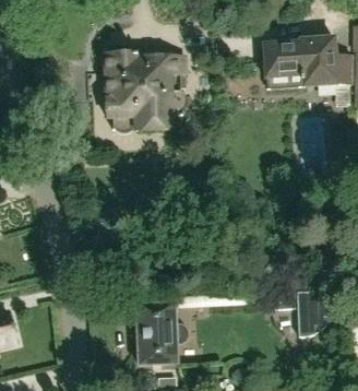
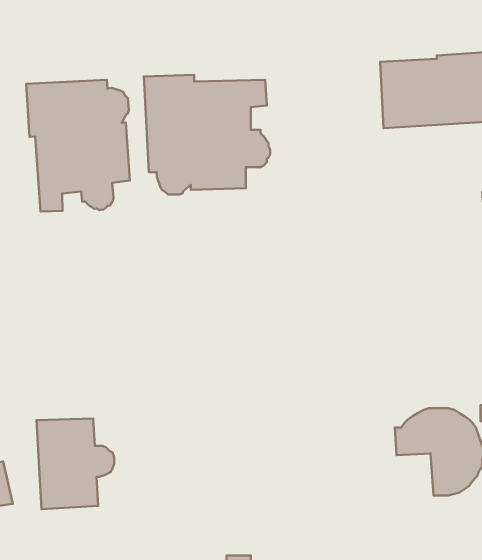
building: none -> [26,80,130,212]
building: [135,303,188,364] -> [37,418,114,509]

